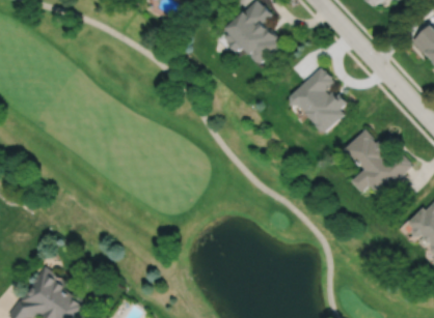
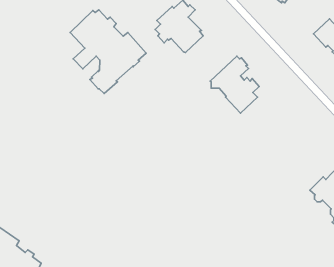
building: none -> [70,10,146,93]
building: [344,128,410,196] -> none

